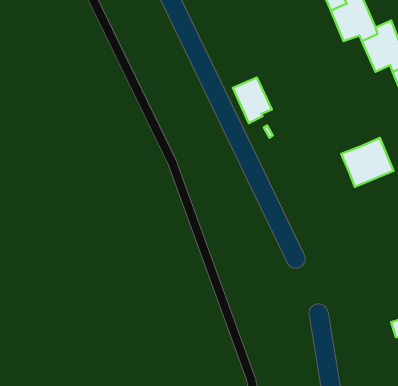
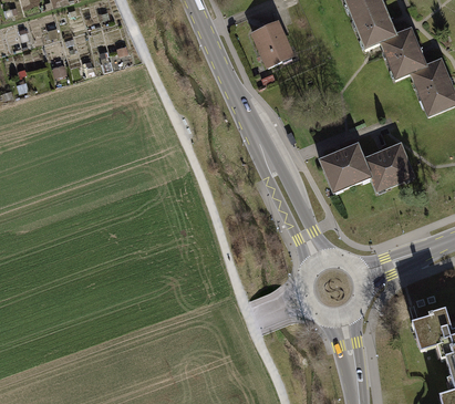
building: [233,77,272,123] -> [254,21,291,65]
building: none -> [320,143,371,190]

